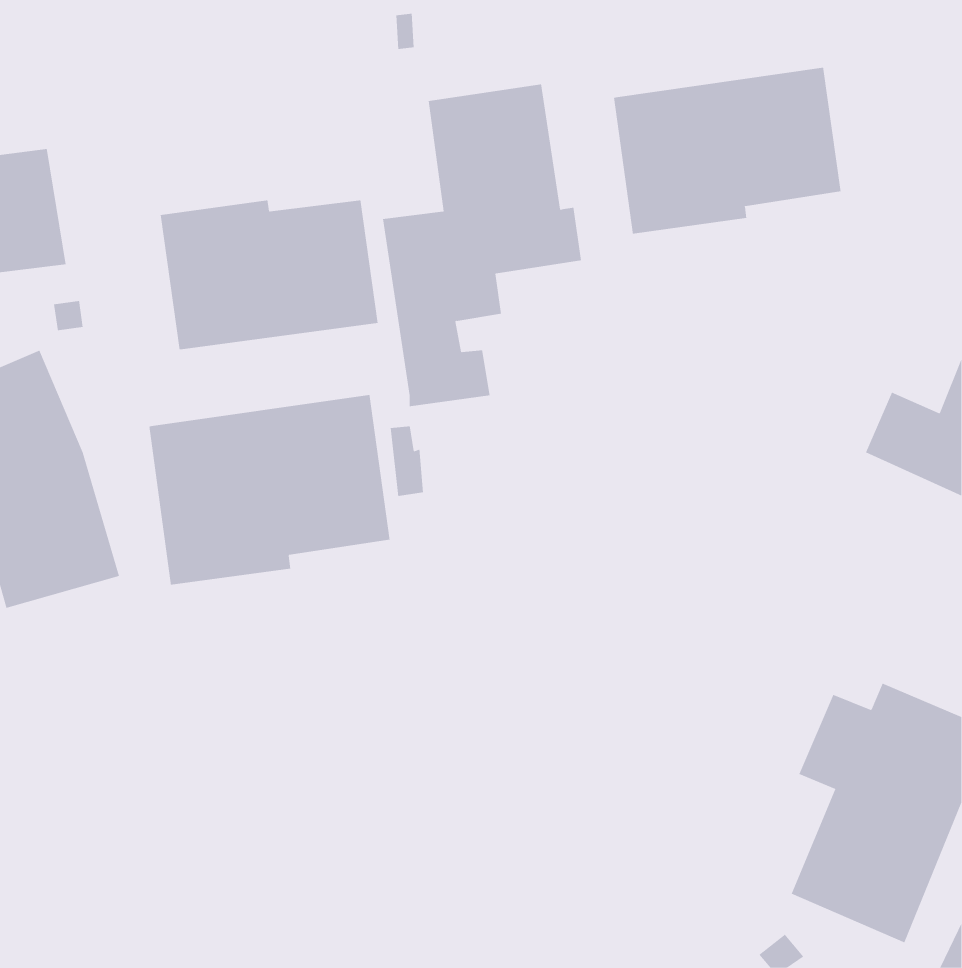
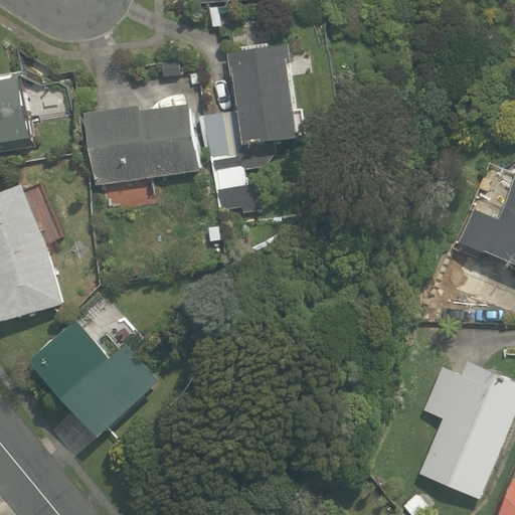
building: [613,67,841,234] -> none
building: [149,394,390,586] -> none
building: none -> [30,321,162,439]

